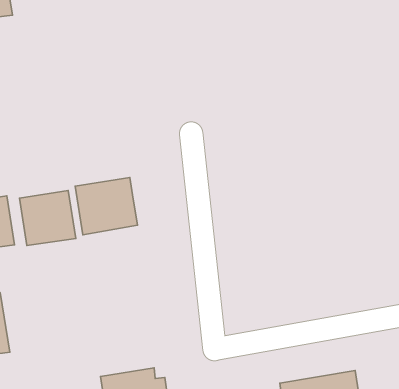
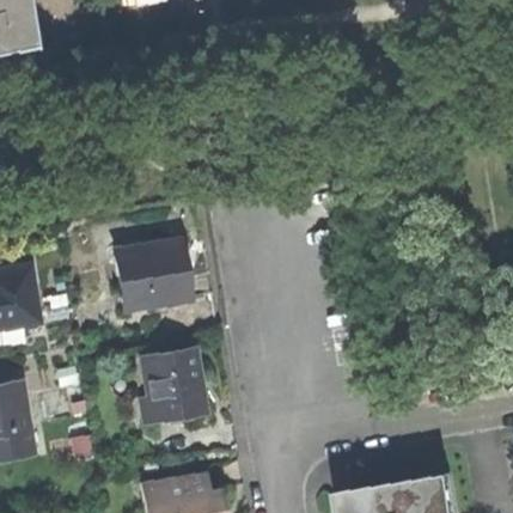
building: [19,190,76,245] -> none
building: none -> [136,346,204,421]

